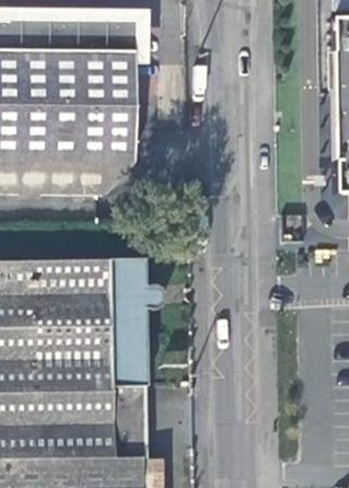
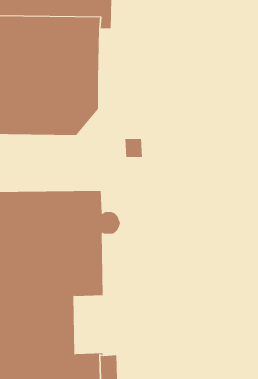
building: [103,386,138,456] -> none

